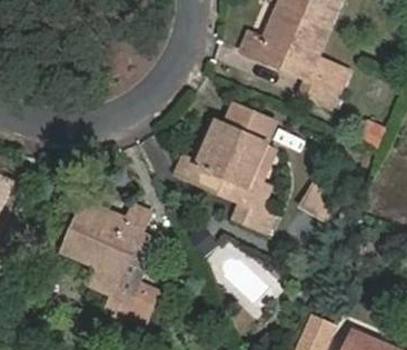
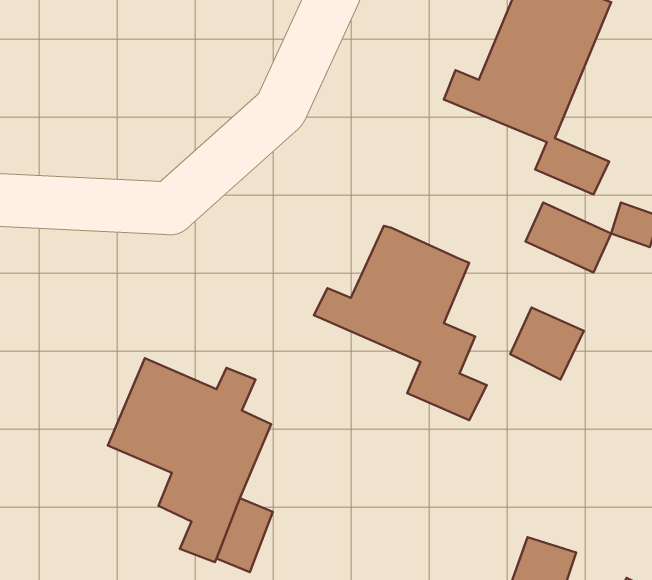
building: [226,110,275,150] -> [526,202,611,272]

